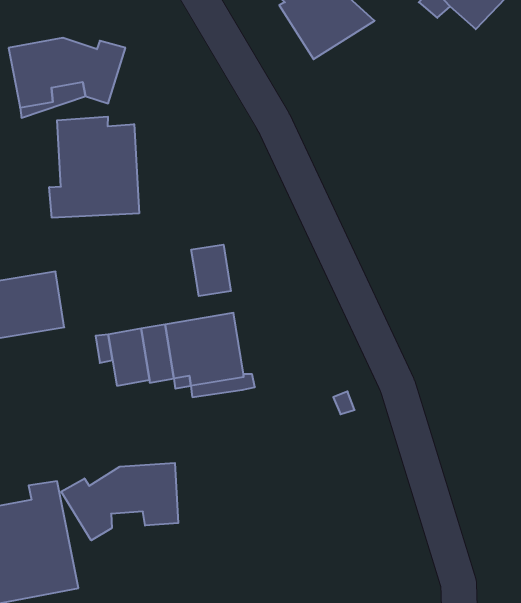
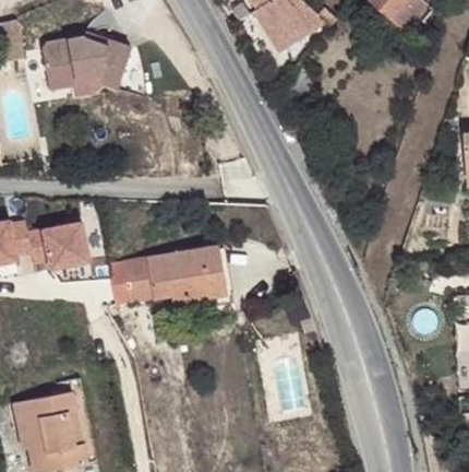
building: [49,117,139,218] -> none
building: [191,245,231,296] -> none
building: [61,463,178,540] -> none

